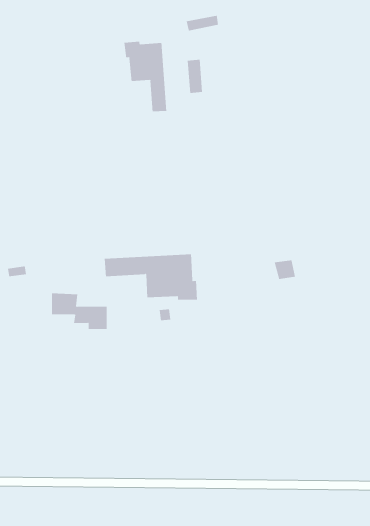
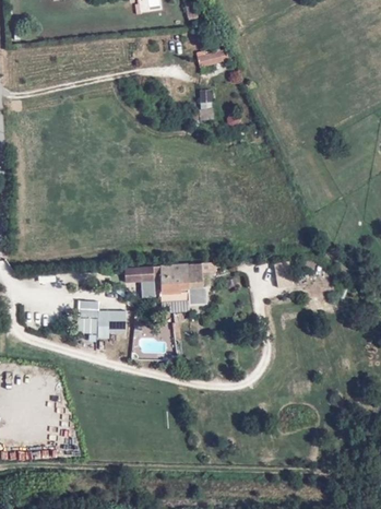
building: [124,41,167,112] -> none

